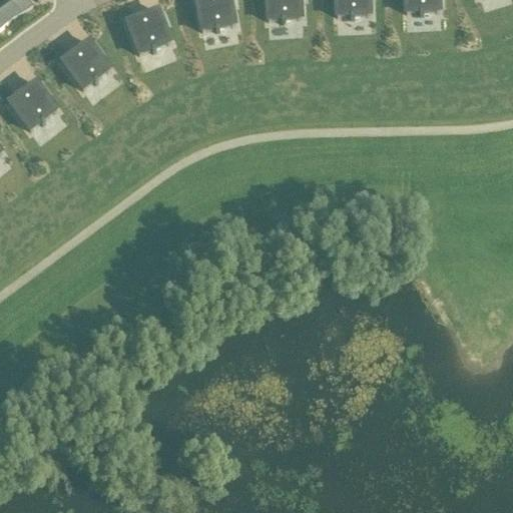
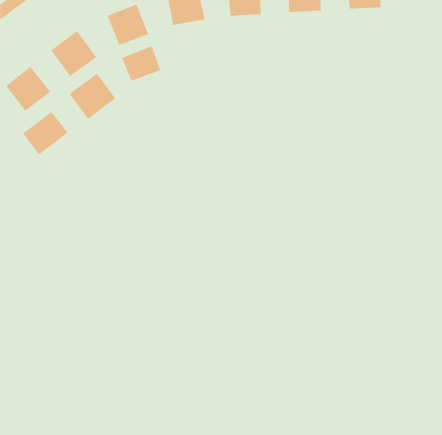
building: none -> [121,45,161,82]
building: none -> [69,73,116,120]
building: none -> [22,111,69,156]

